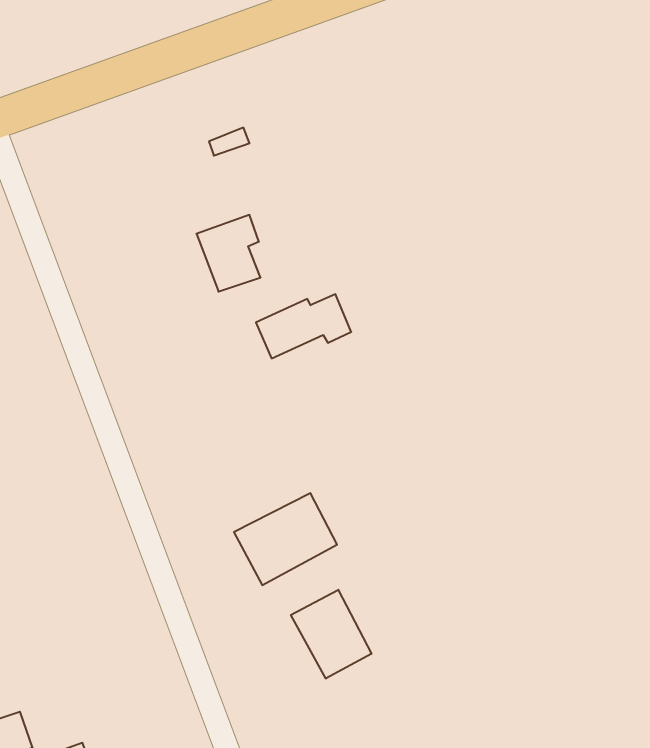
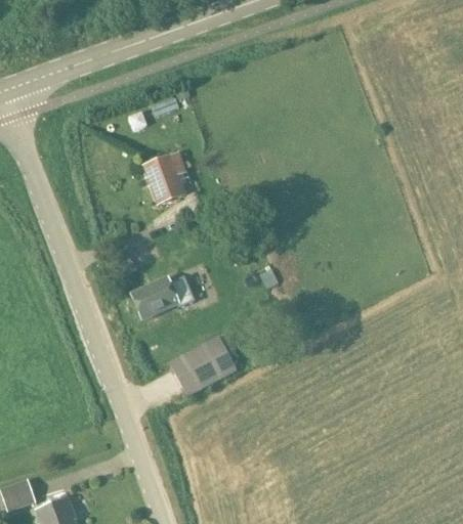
building: [256,294,351,358] -> [132,274,195,316]
building: [291,590,371,679] -> none

